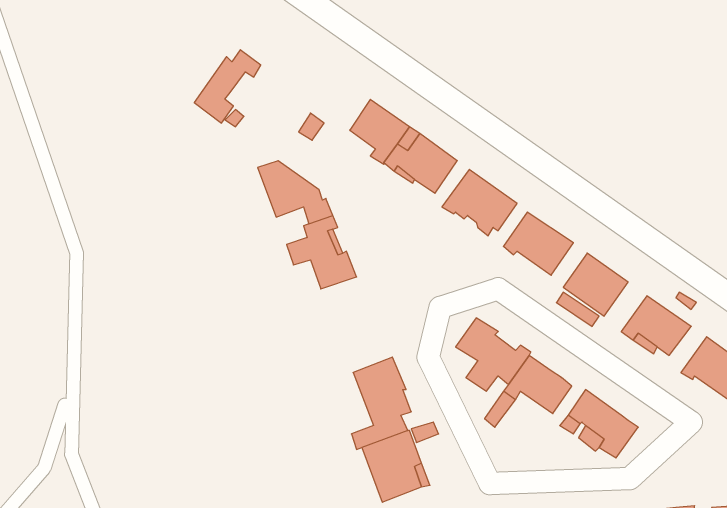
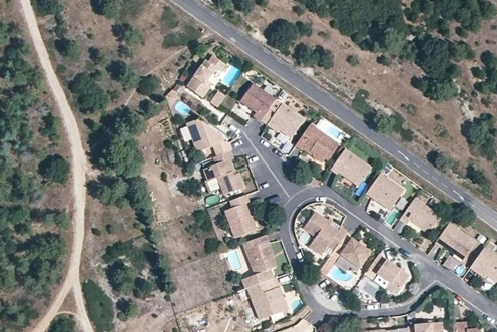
building: [194,50,261,123] -> [186,54,225,97]
building: none -> [224,194,257,238]

